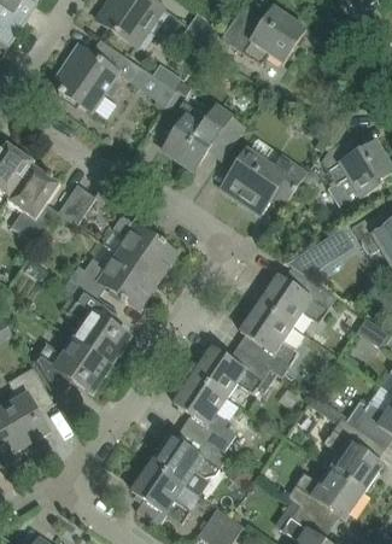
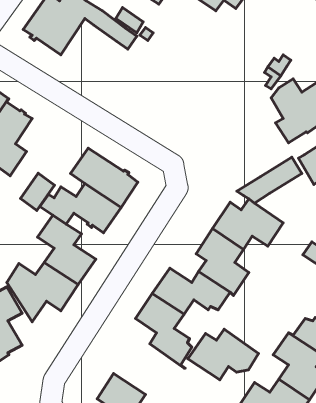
building: [163,100,245,170] -> none
building: [220,148,308,215] -> none
building: [58,183,95,224] -> [20,173,55,211]
building: [150,429,227,485] -> [188,329,258,380]

